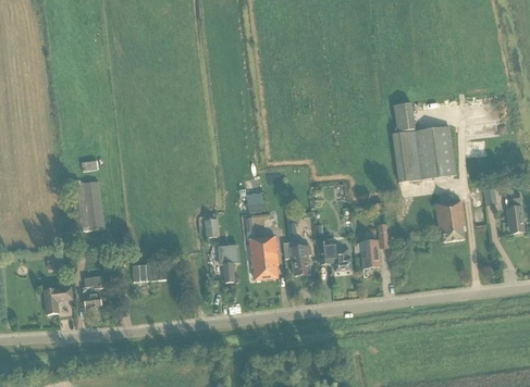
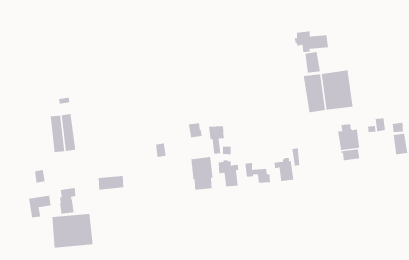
building: none -> [294,30,329,53]
building: [219,246,239,283] -> [208,125,225,155]
building: none -> [52,213,93,248]

